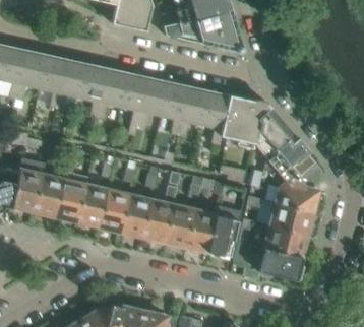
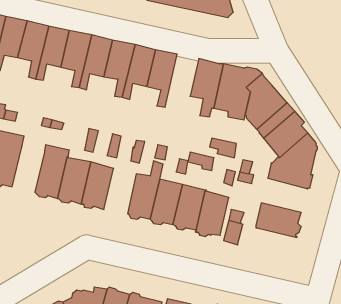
building: [178,85,209,137] -> none
building: [34,173,64,215] -> none
building: [120,193,150,236] -> none
building: [268,202,312,235] -> none
building: [259,249,302,280] -> none

